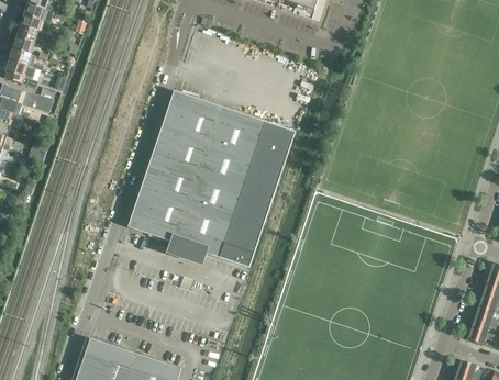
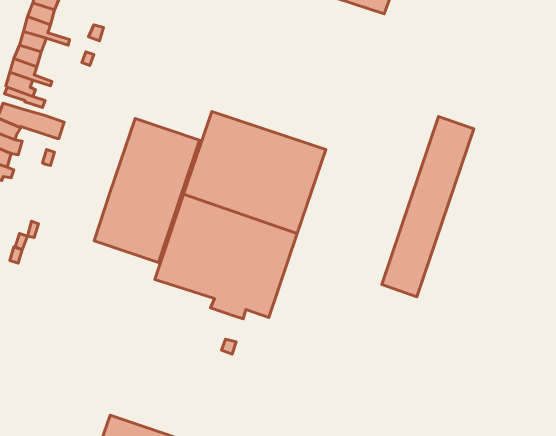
building: none -> [94,118,199,263]
building: [220,122,295,268] -> [382,117,474,297]

